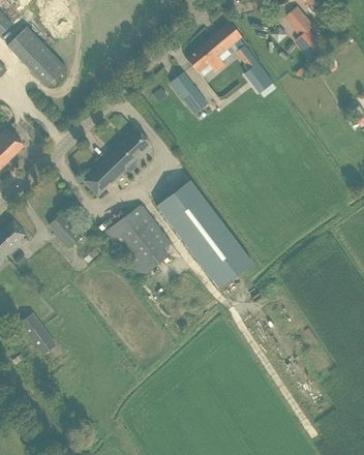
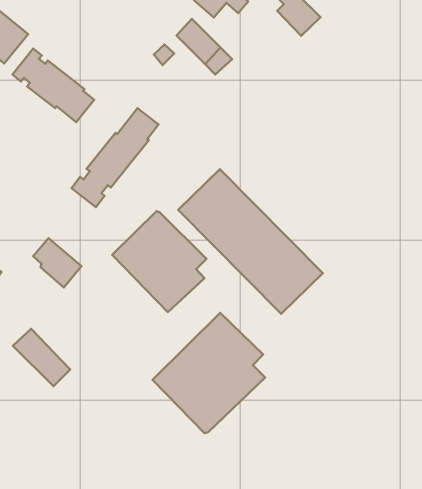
building: none -> [12,49,94,122]
building: none -> [153,313,265,433]
building: [18,312,56,355] -> [13,329,70,386]

